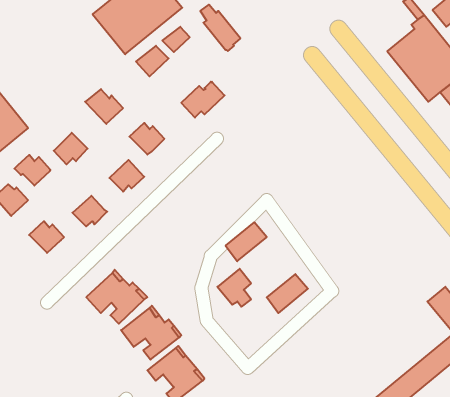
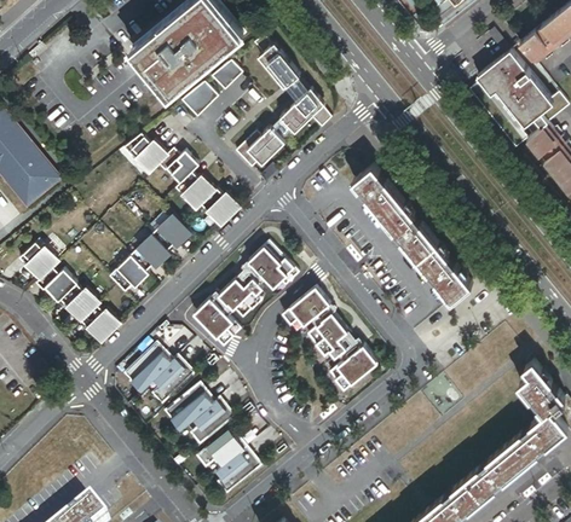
building: none -> [278,87,329,132]
building: none -> [156,150,197,184]
building: none -> [353,164,472,301]
building: [54,133,88,164] -> [129,236,168,272]
building: none -> [198,190,238,226]
building: [14,155,50,186] -> [34,267,75,302]
building: none -> [249,242,299,286]
building: none -> [219,278,263,317]
building: none -> [194,297,240,343]
building: none -> [79,307,119,343]
building: [217,269,251,307] -> [307,314,346,358]

